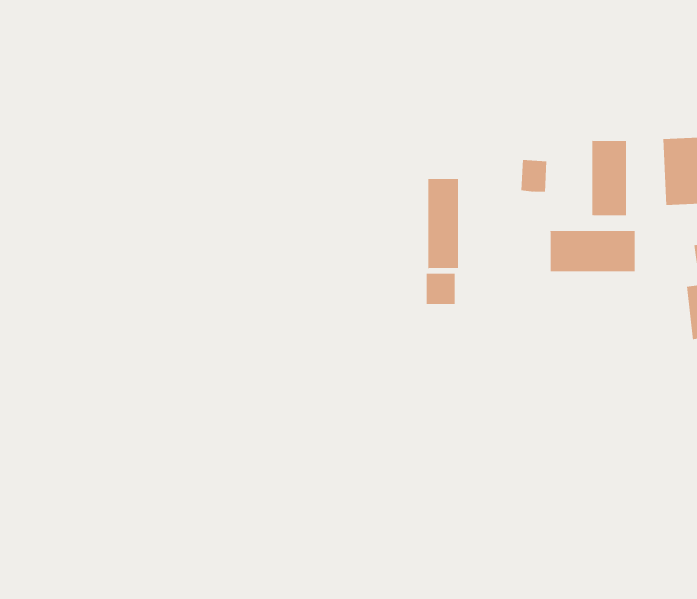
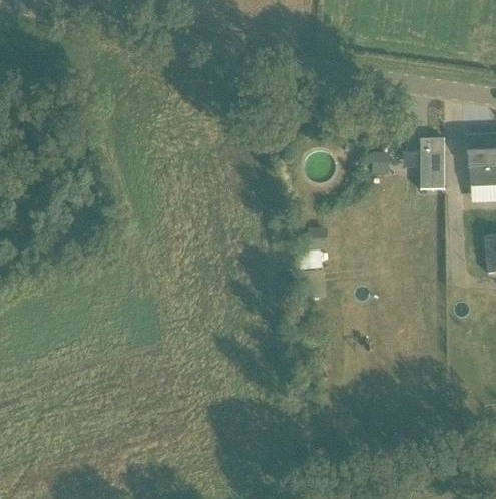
building: [428,178,458,271] -> none
building: [548,230,635,272] -> none

